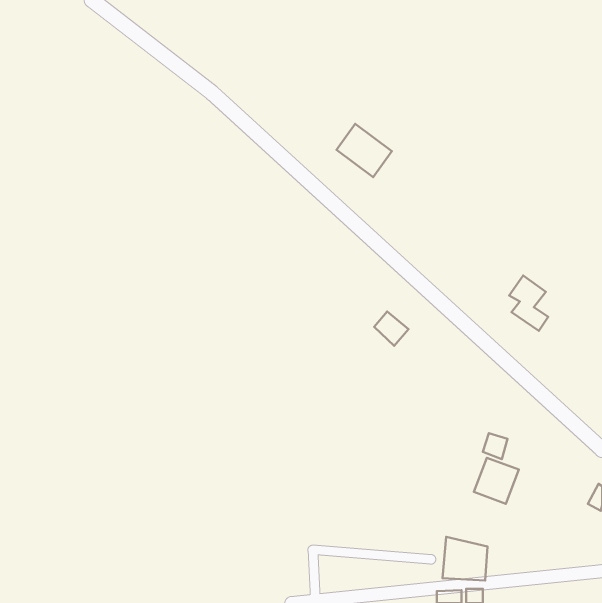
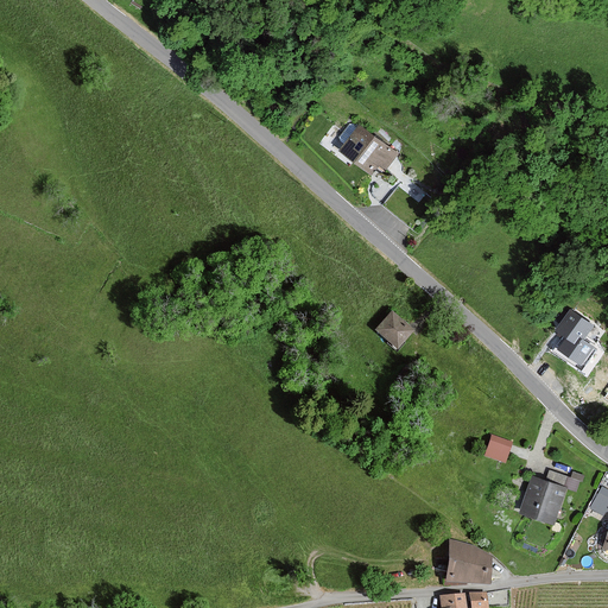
building: [509,275,548,331] -> [556,308,595,363]
building: [474,458,519,504] -> [521,476,566,522]

